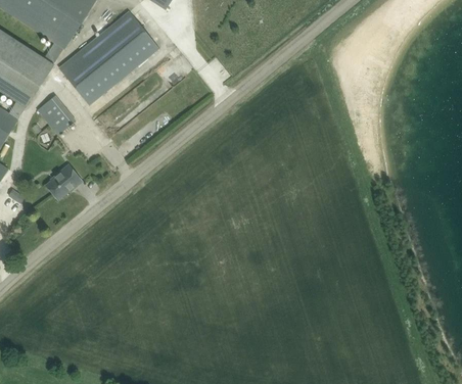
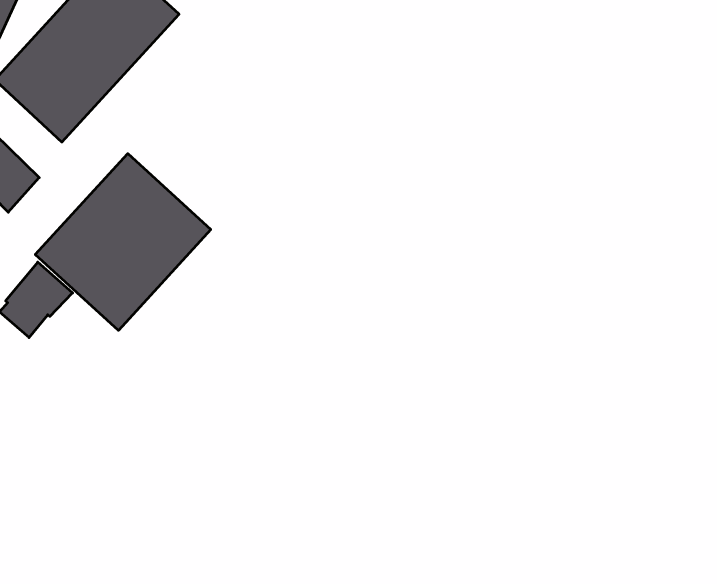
building: none -> [35,154,211,330]

